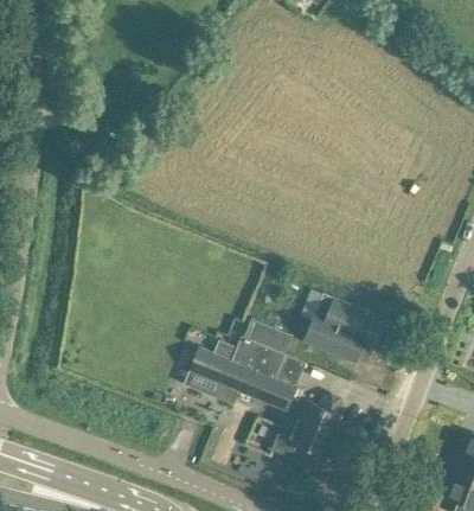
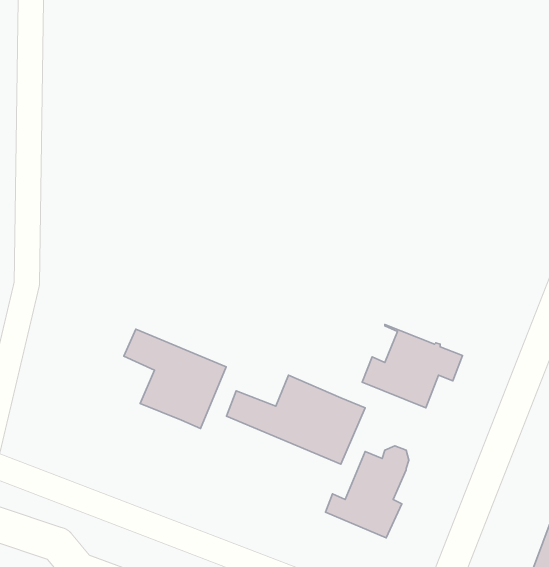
building: none -> [124,329,226,428]
building: [243,319,294,356] -> none

